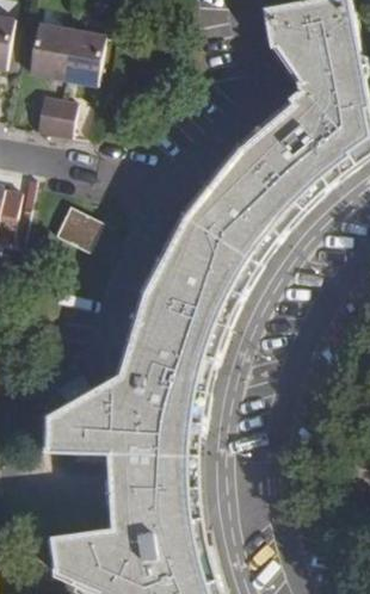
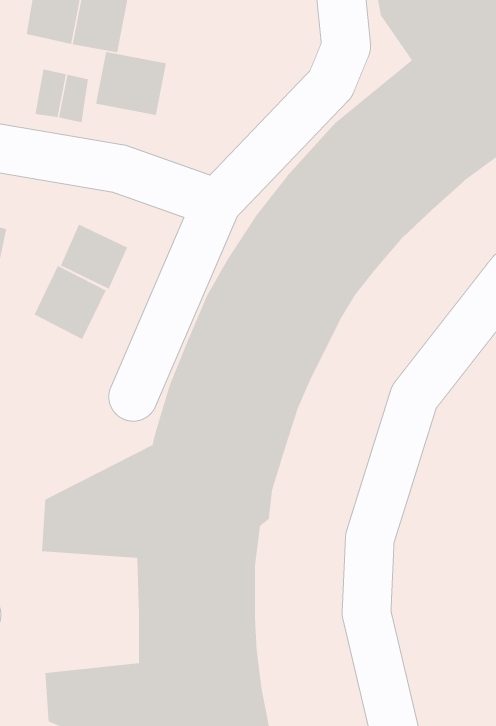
building: none -> [95,51,167,116]
building: none -> [33,265,107,340]

